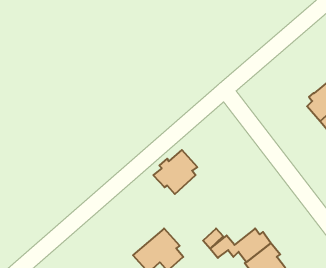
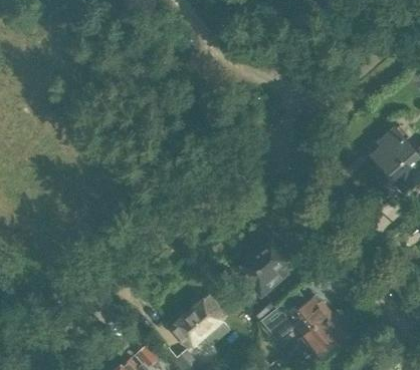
building: [153,150,197,194] -> [238,242,289,293]

